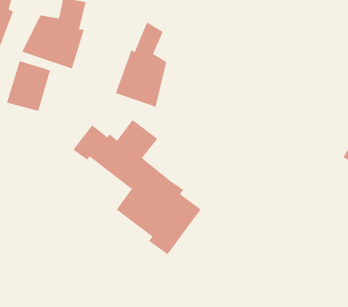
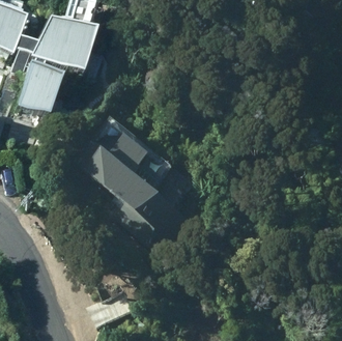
building: [115,22,167,107] -> none

